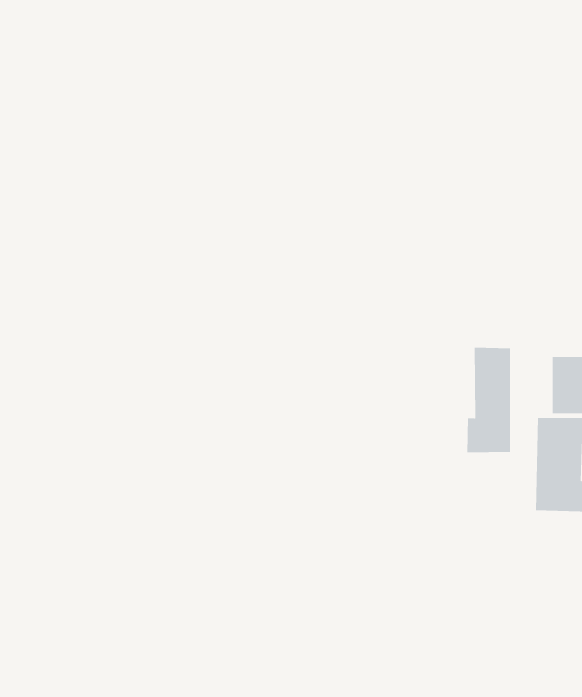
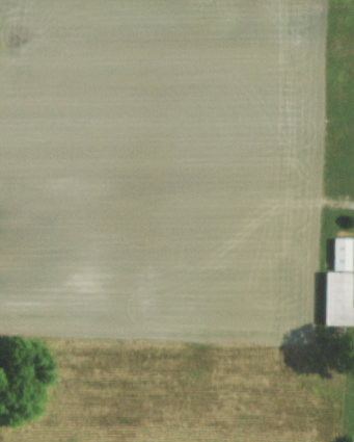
building: [467,347,511,453] -> none

